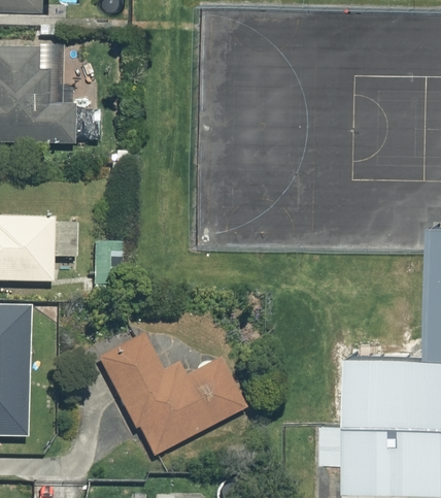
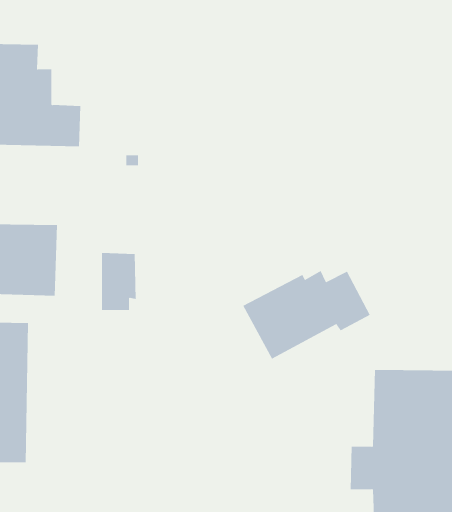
building: none -> [242,270,370,359]
building: [98,332,247,455] -> none

